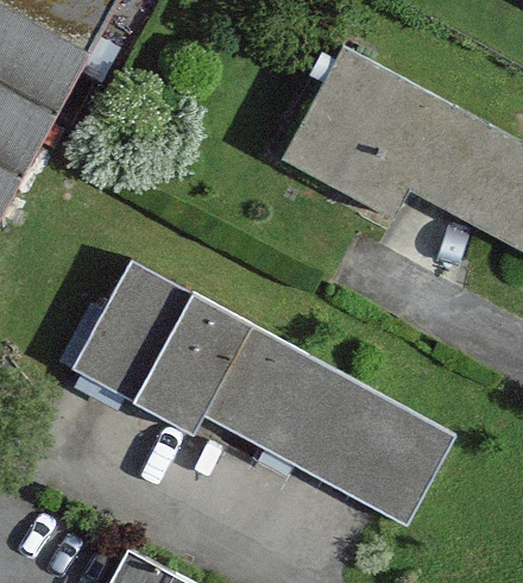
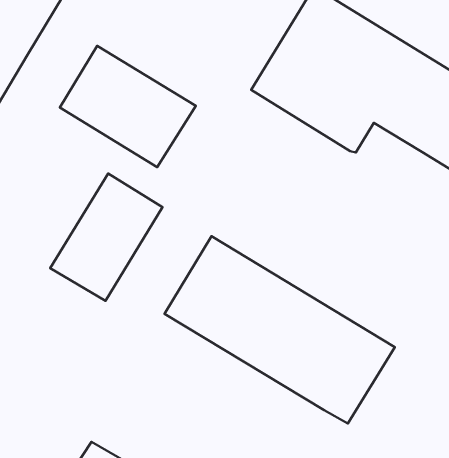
building: none -> [60,46,196,167]
building: [136,294,246,428] -> none

